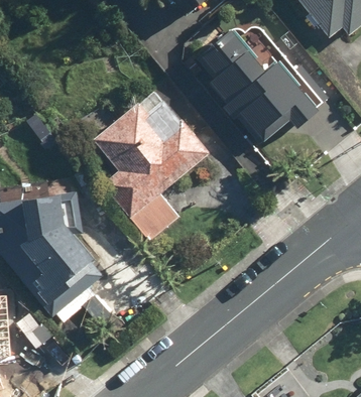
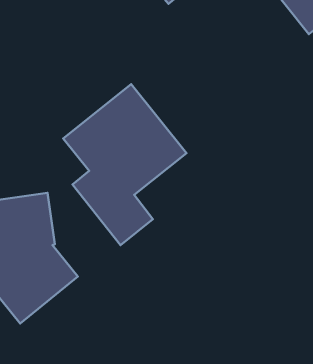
building: [198,28,321,140] -> none

